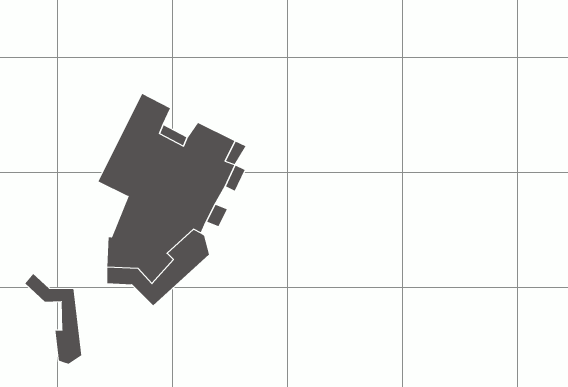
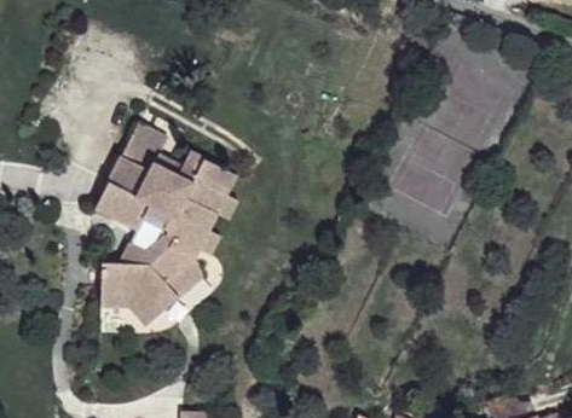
building: [25,273,82,364] -> none

